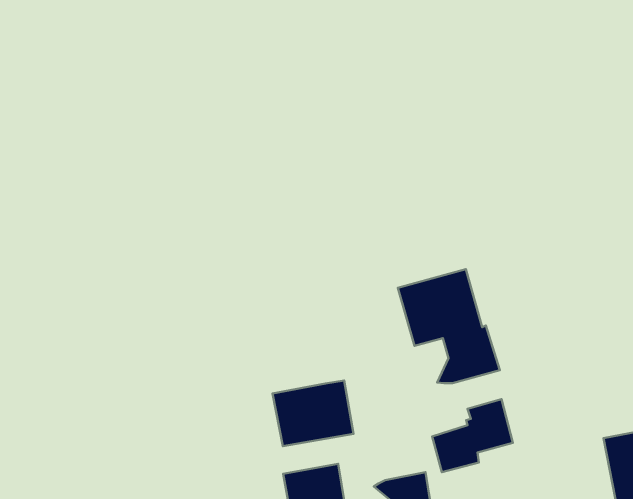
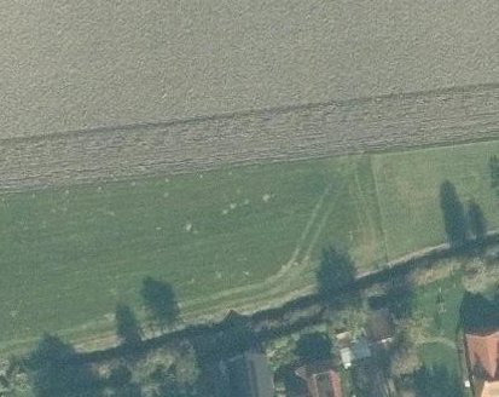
building: [398,269,500,383] -> none
building: [272,380,354,446] -> none

